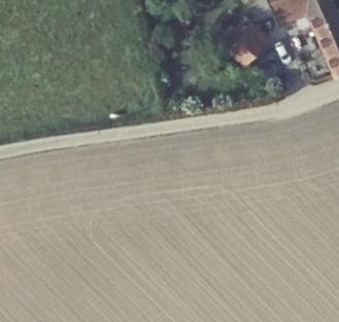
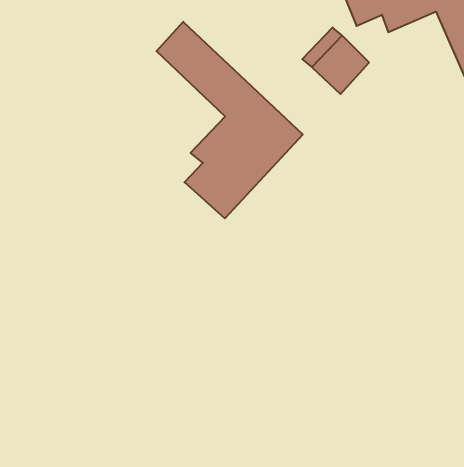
building: none -> [156,22,303,218]

